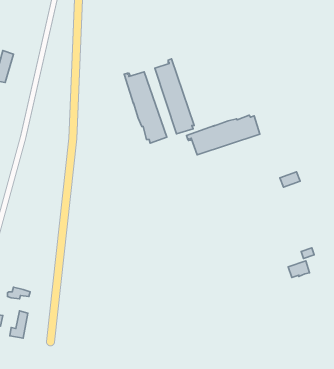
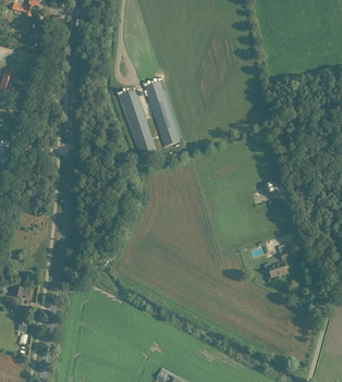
building: [186,115,260,155] -> none

